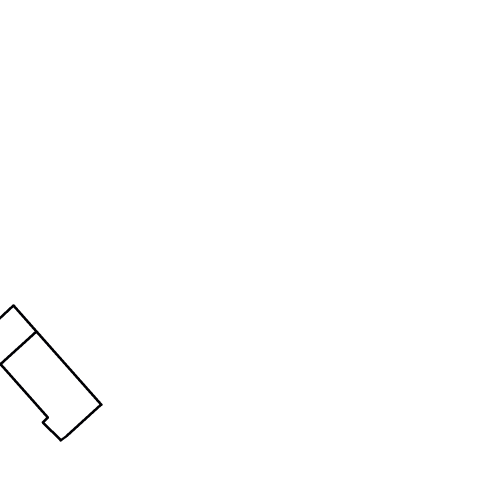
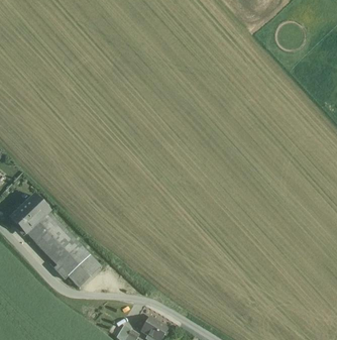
building: none -> [69,256,100,287]

